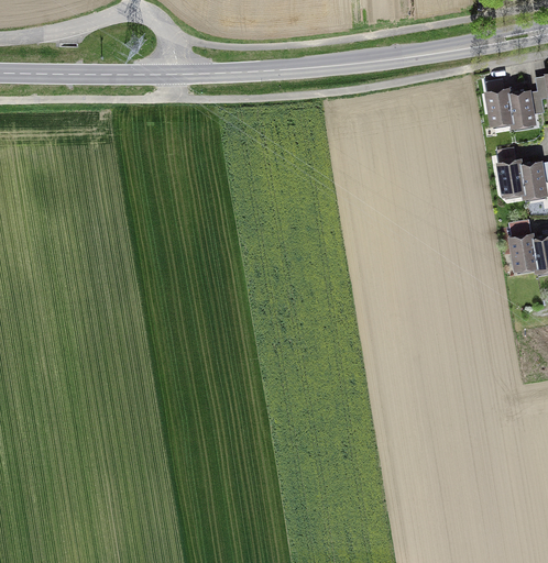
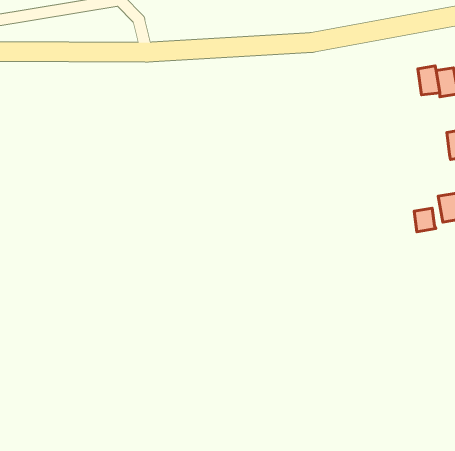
building: [498,163,524,196] -> none
building: none -> [414,208,436,232]

